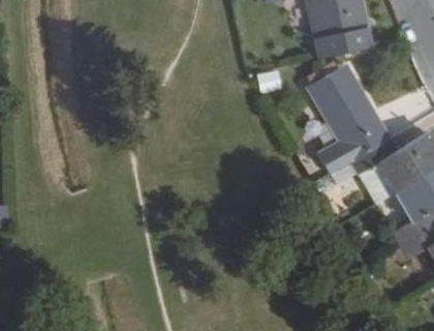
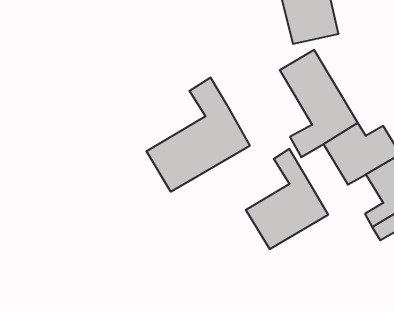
building: none -> [146,77,250,192]
building: none -> [246,149,328,249]

